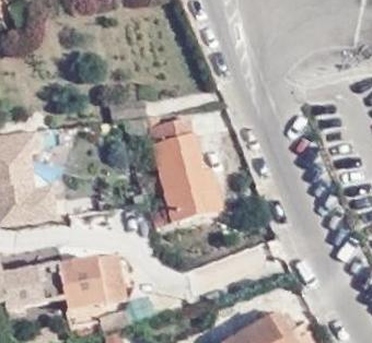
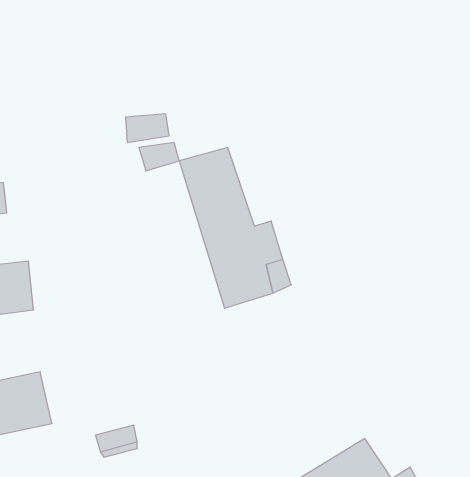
building: [60,251,120,296] -> none

